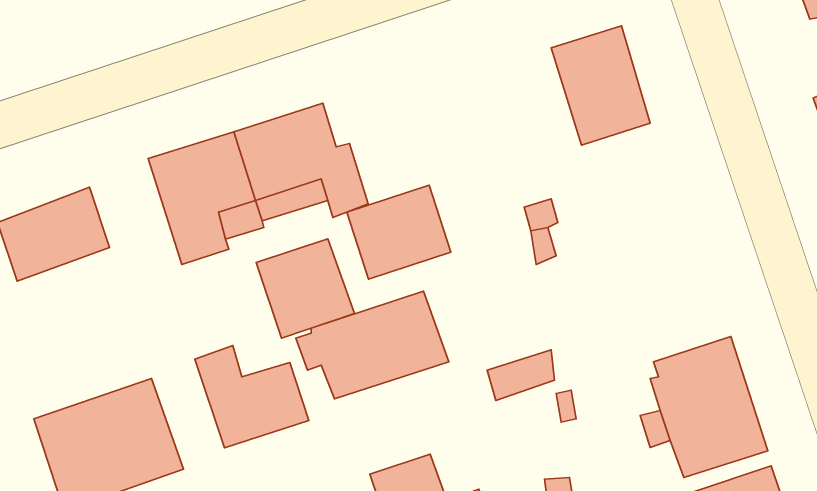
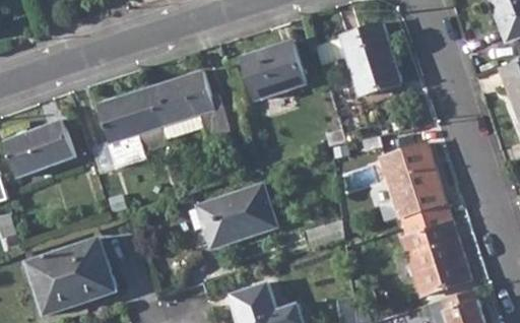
building: [347,185,451,279] -> [243,41,306,98]
building: none -> [380,141,449,225]
building: [256,239,354,338] -> none
building: [195,346,309,448] -> none

